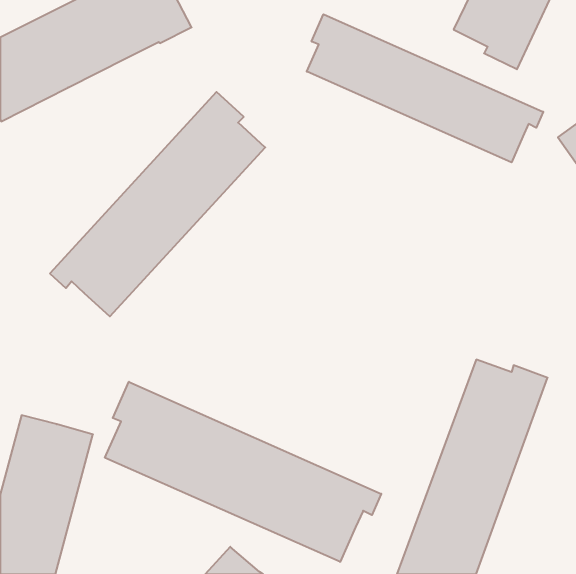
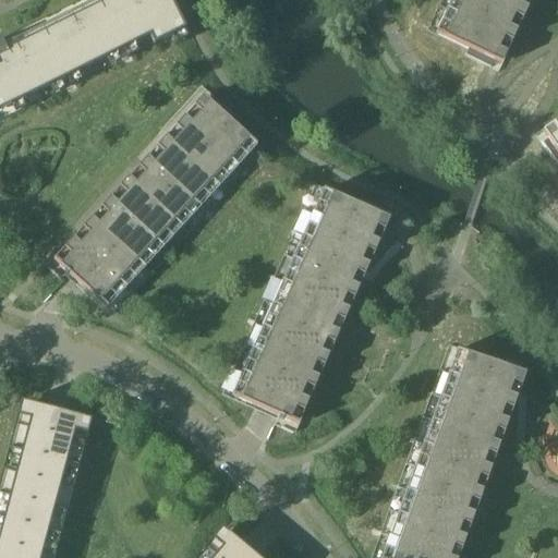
building: [307,14,543,162] -> none
building: none -> [235,186,395,429]
building: [105,382,381,562] -> none

